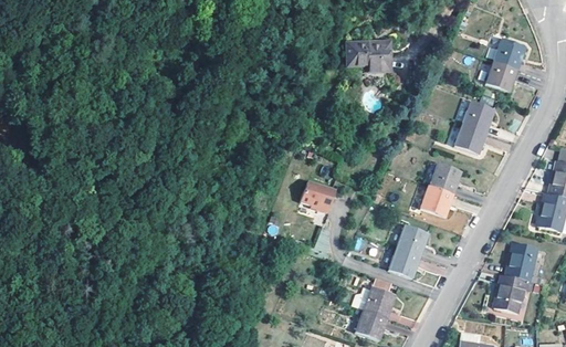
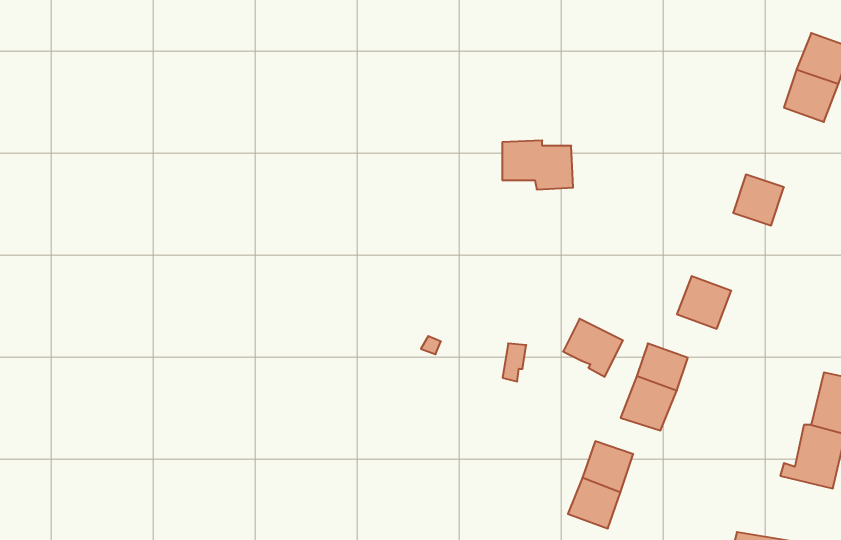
building: [347,44,390,74] -> [502,140,573,189]
building: [464,101,495,130] -> none
building: [431,164,462,193] -> none
building: [300,178,336,213] -> [563,319,623,377]

